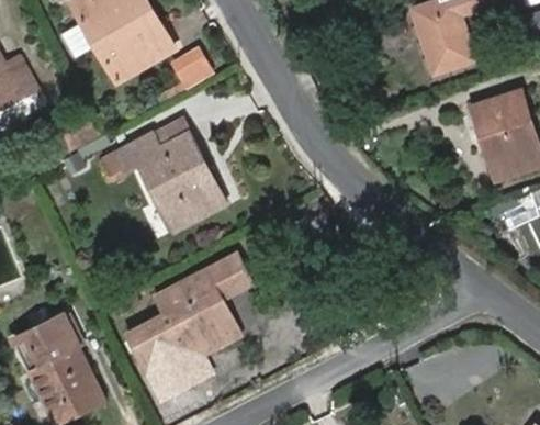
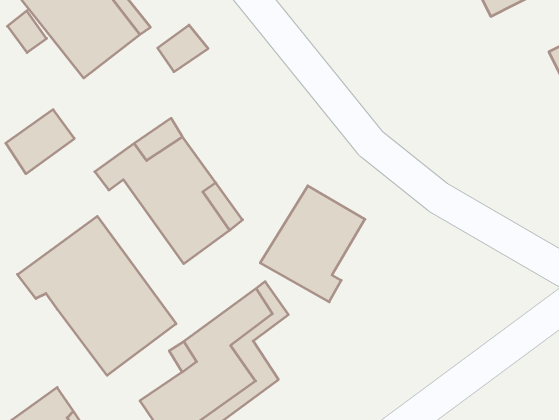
building: none -> [260,186,365,302]
building: none -> [17,216,176,375]

